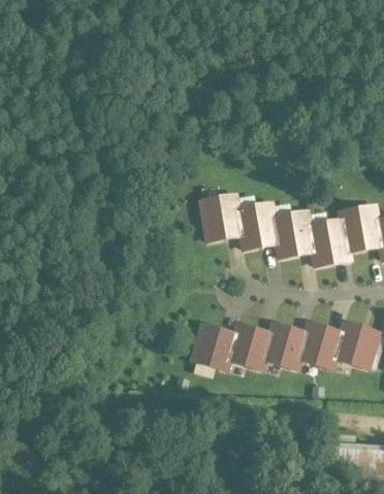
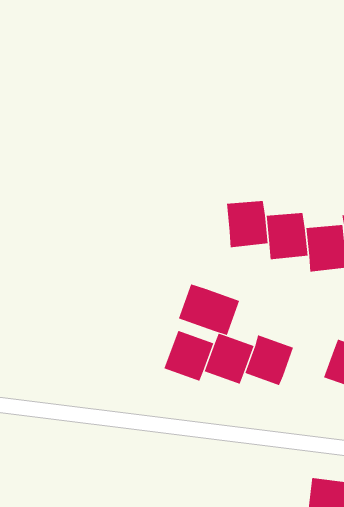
building: [200,194,242,239] -> none
building: none -> [178,283,240,336]
building: [299,323,342,367] -> none

